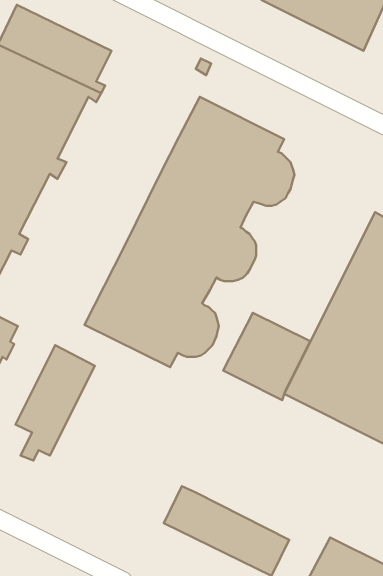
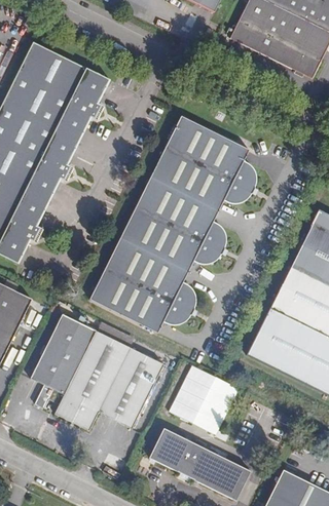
building: [223,313,310,400] -> [169,365,239,435]
building: none -> [56,332,163,430]

